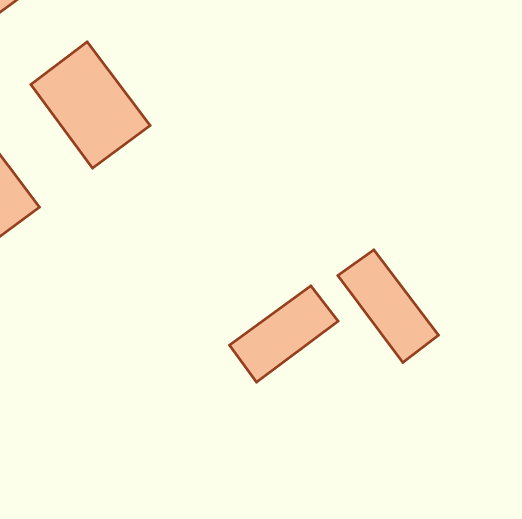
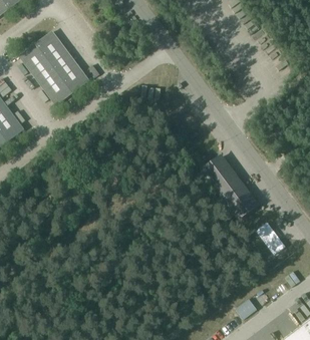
building: [229,286,338,382] -> none
building: none -> [256,221,285,254]

